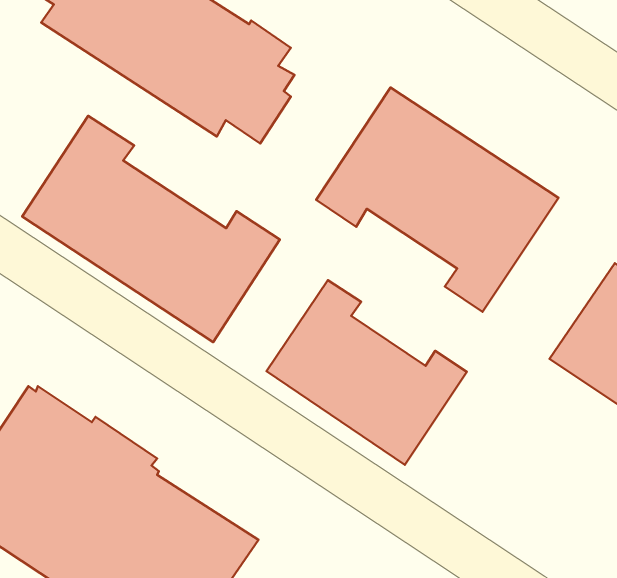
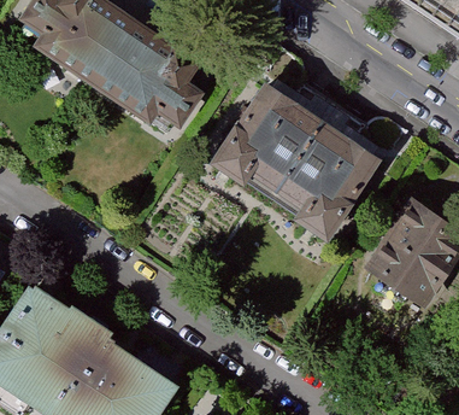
building: [22,116,280,342] -> none
building: [267,280,467,465] -> none

